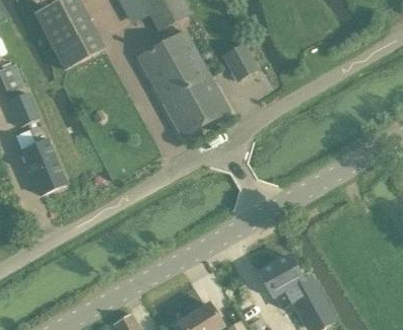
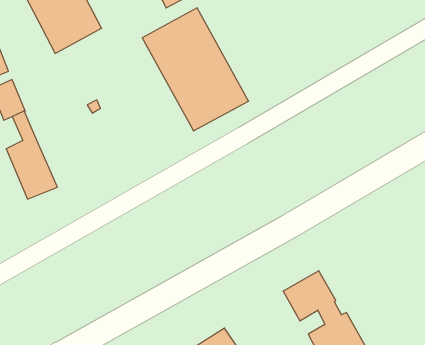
building: [222,44,258,80] -> none

